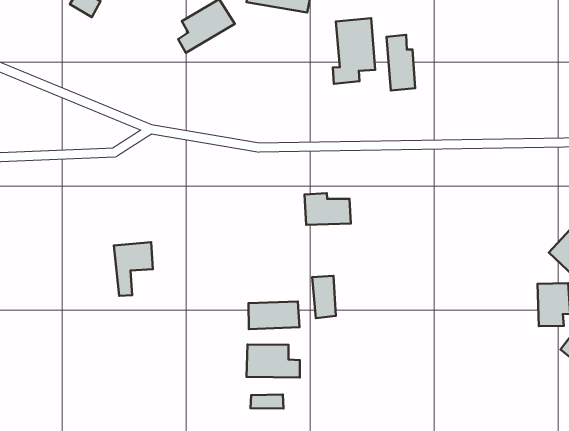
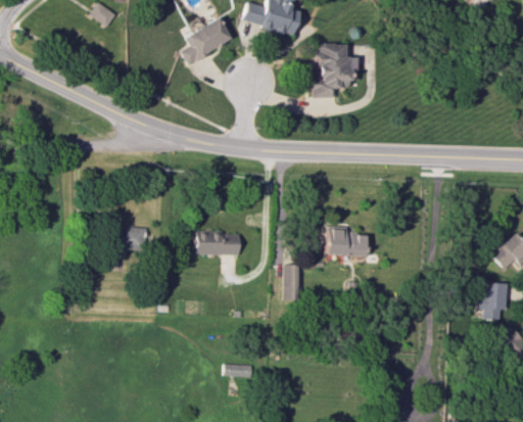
building: [386,35,415,91] -> none
building: [305,193,351,225] -> [328,228,367,255]
building: [248,302,299,329] -> [196,232,240,255]
building: [246,344,300,377] -> none

